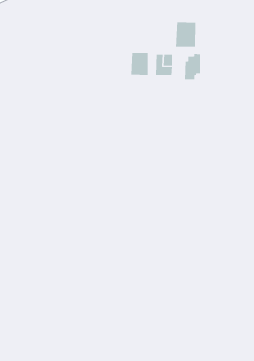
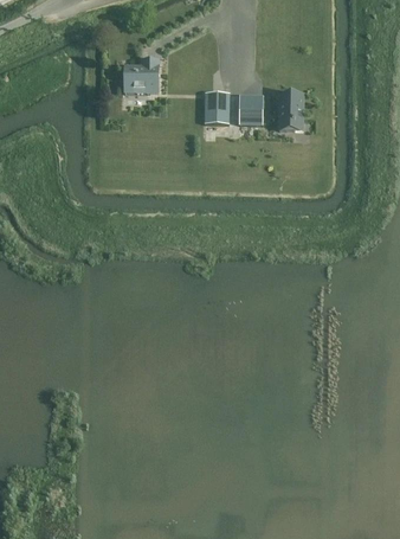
building: [176,21,196,47] -> none
building: none -> [124,60,157,94]

